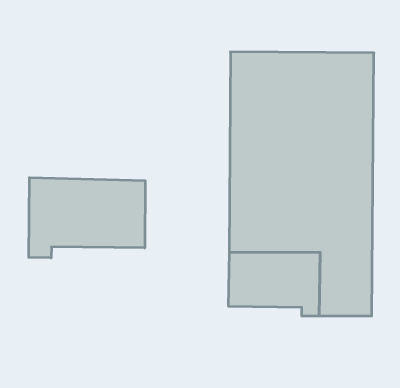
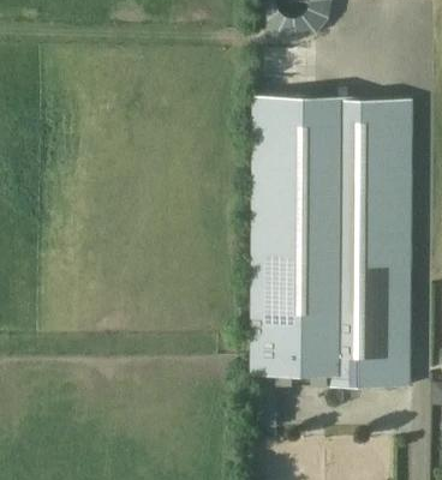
building: [29,178,145,258] -> none

